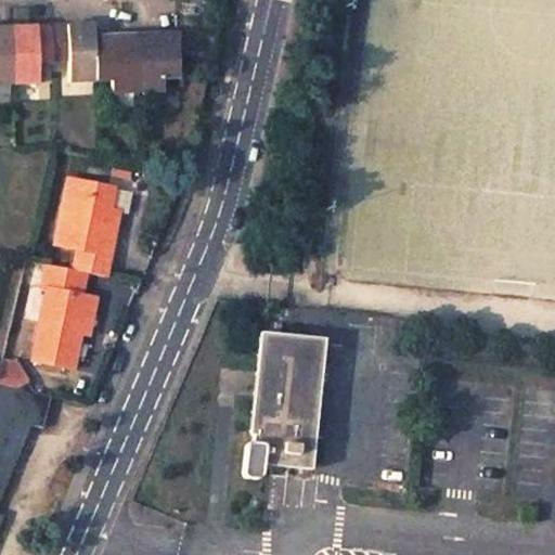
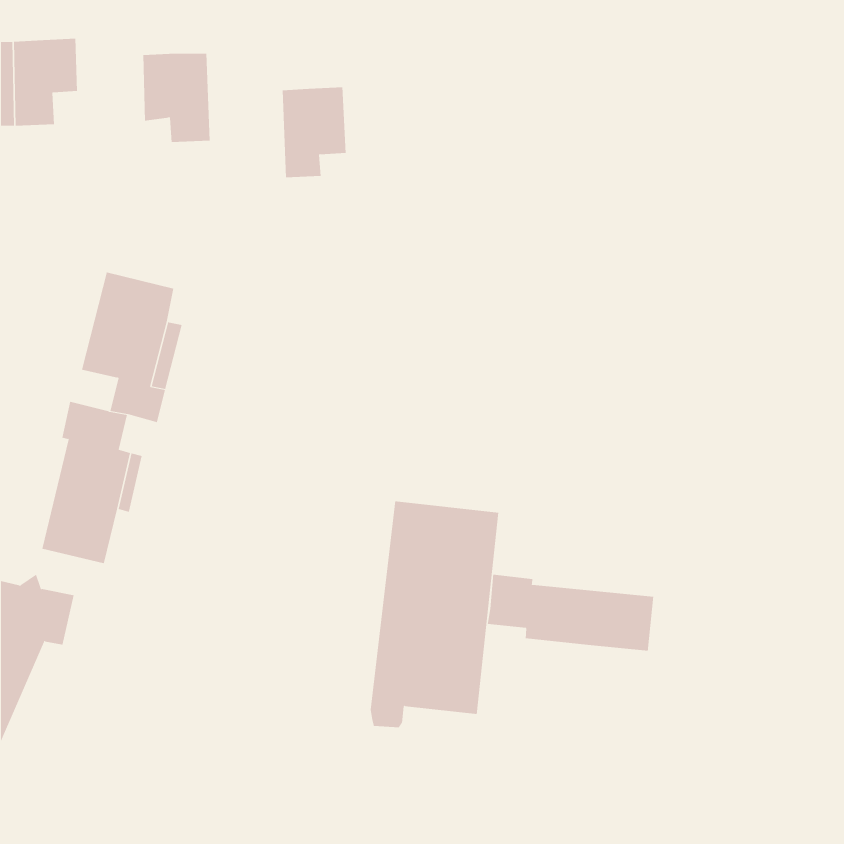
building: [52,23,96,79] -> none
building: [138,33,180,92] -> [282,87,346,178]
building: none -> [487,574,654,652]

